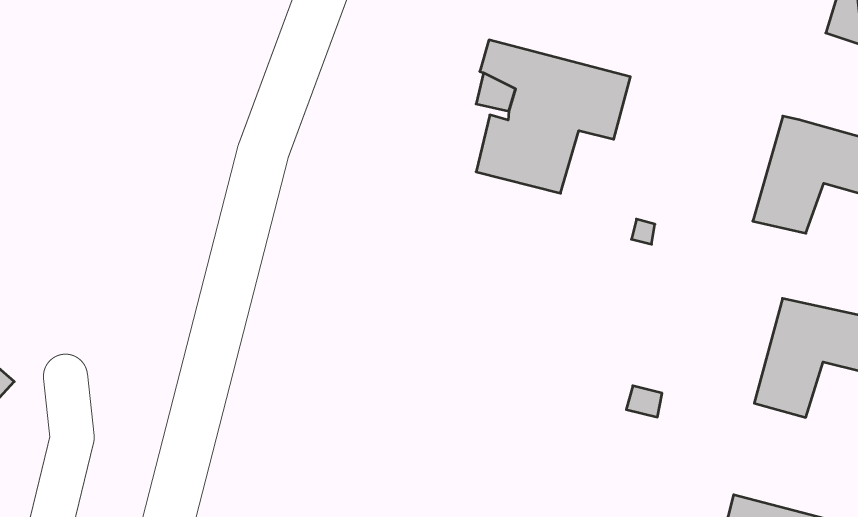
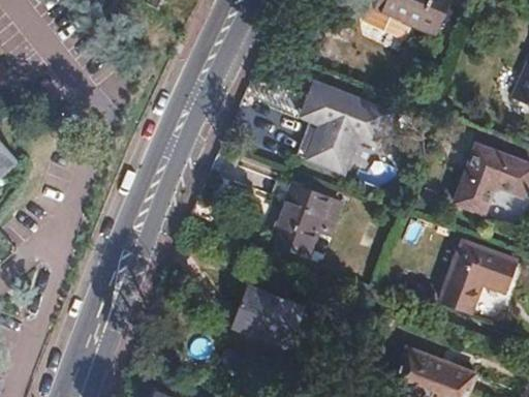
building: none -> [274,185,326,254]
building: none -> [232,284,304,348]

